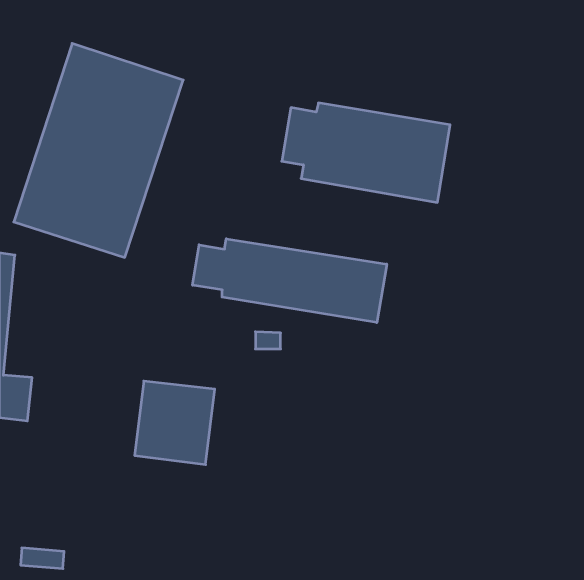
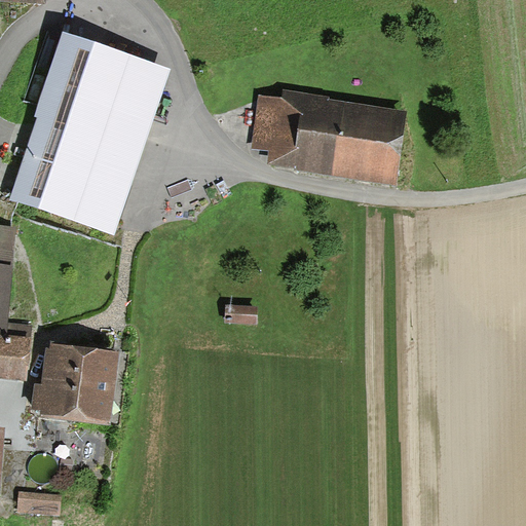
building: [193,239,387,323] -> none
building: [135,381,215,465] -> [43,348,115,423]

